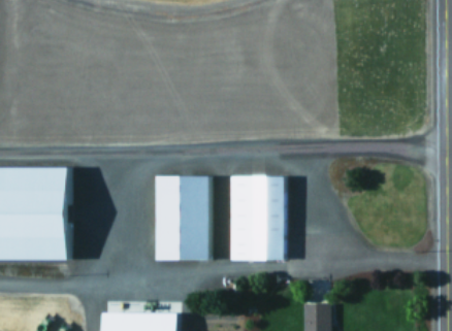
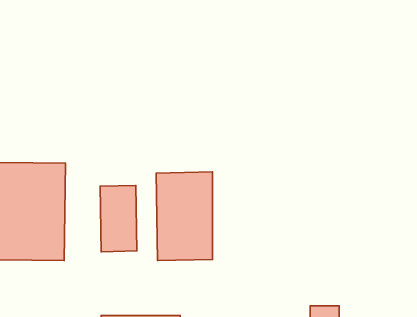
building: [230,176,285,260] -> none
building: none -> [100,185,137,252]

